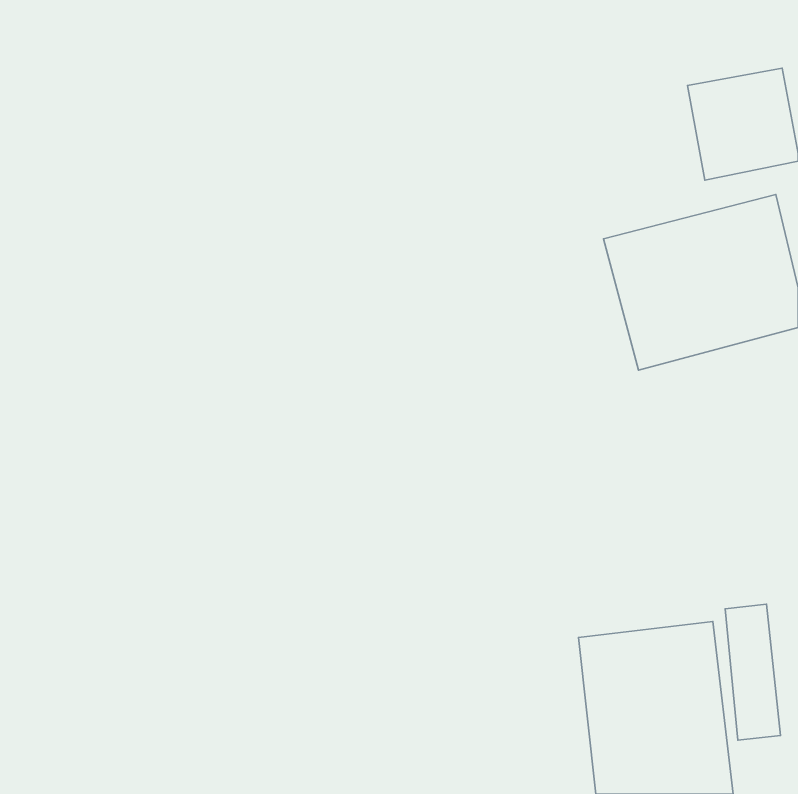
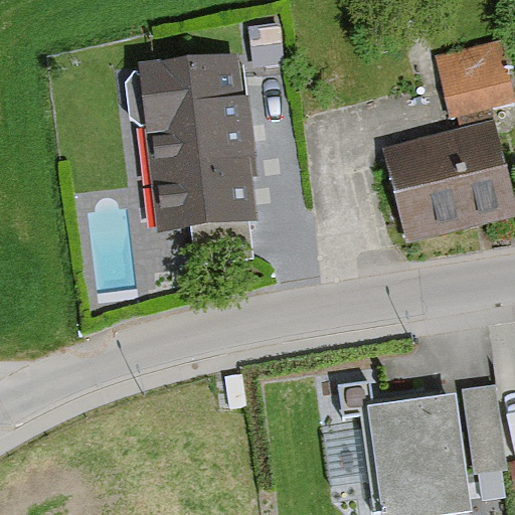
building: none -> [142,58,255,226]

